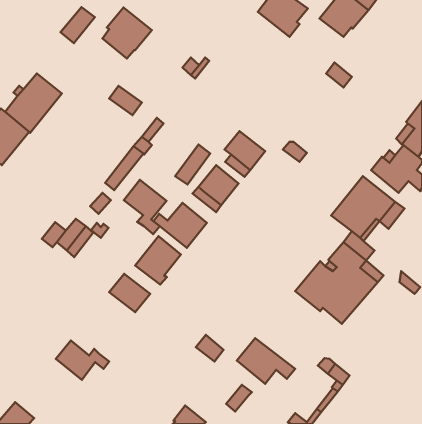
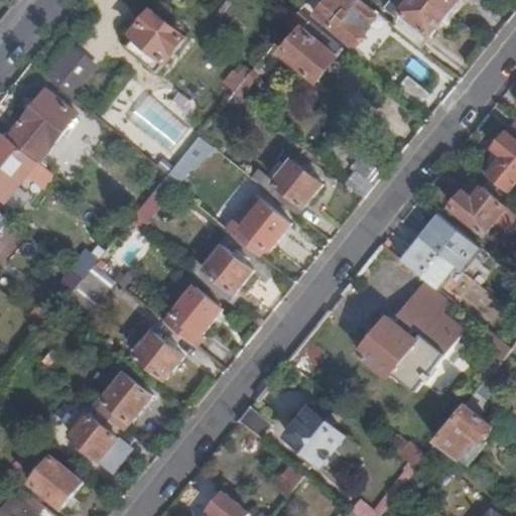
building: [61,7,95,43] -> [45,46,87,90]
building: none -> [281,10,342,80]
building: [124,180,167,234] -> none
building: none -> [95,371,150,427]
building: none -> [434,390,491,457]
building: none -> [29,455,81,505]

